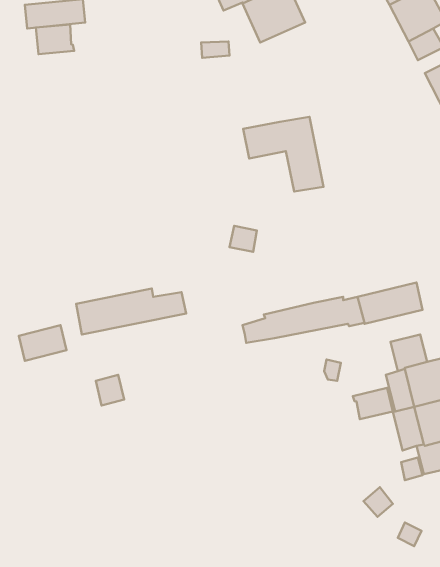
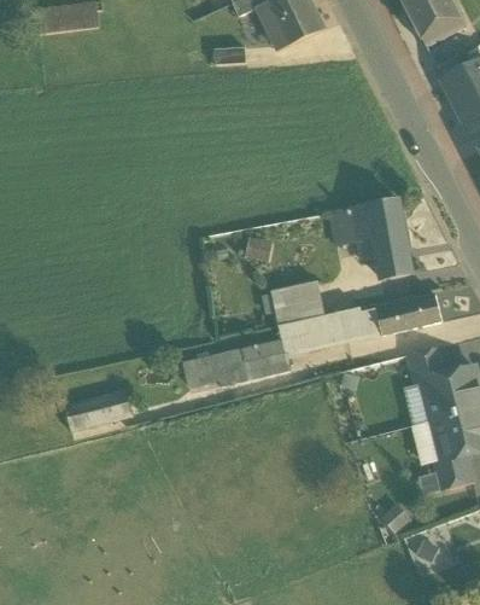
building: [36,25,74,54] -> none
building: [243,117,324,191] -> [330,202,412,278]
building: none -> [277,281,330,325]
building: [76,289,186,335] -> [183,347,295,394]
building: [19,325,66,361] -> [66,394,115,430]
building: [353,388,393,419] -> none

